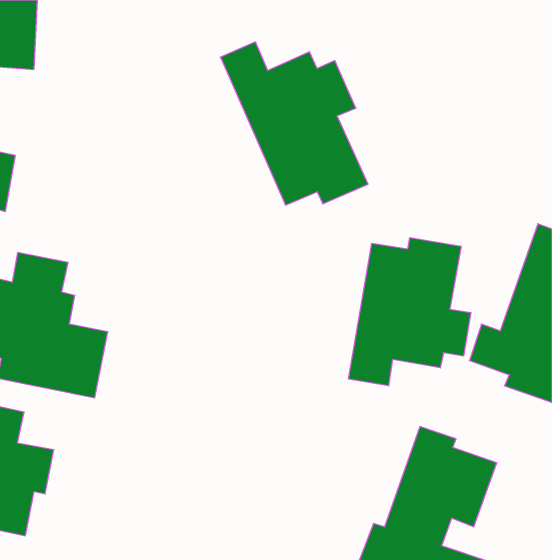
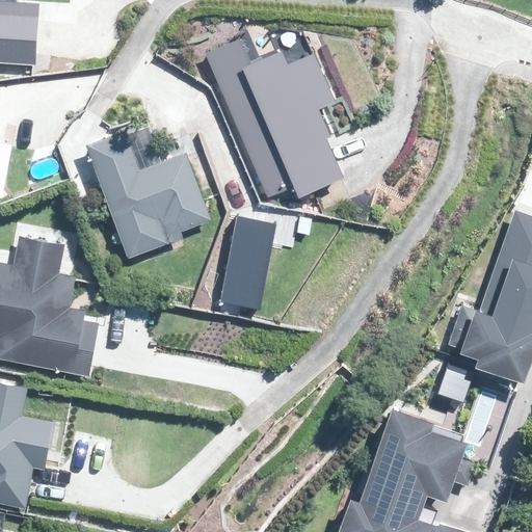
building: none -> [85,123,210,258]
building: none -> [228,222,282,308]
building: [348,238,471,386] -> none

